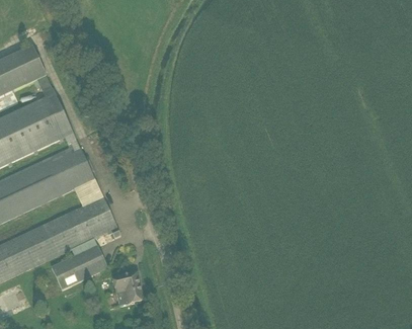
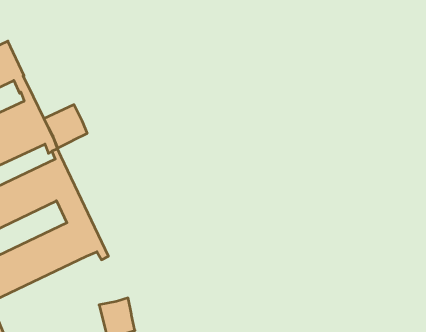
building: none -> [44,105,87,148]
building: [50,244,107,289] -> none

